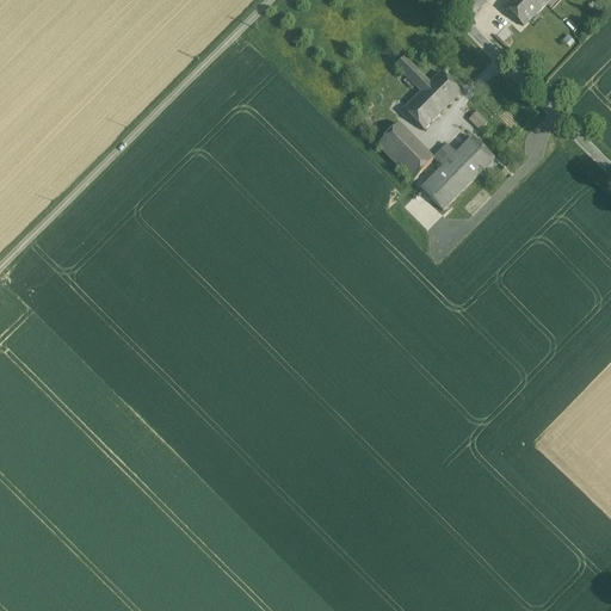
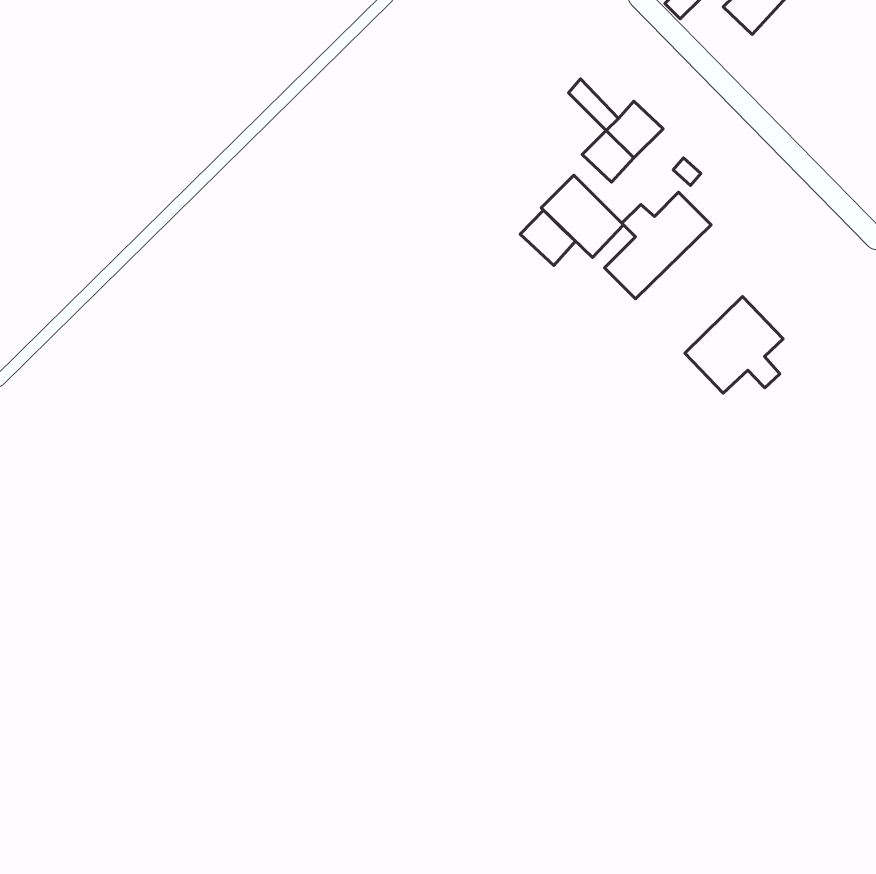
building: none -> [520,210,576,265]
building: none -> [685,297,783,393]

